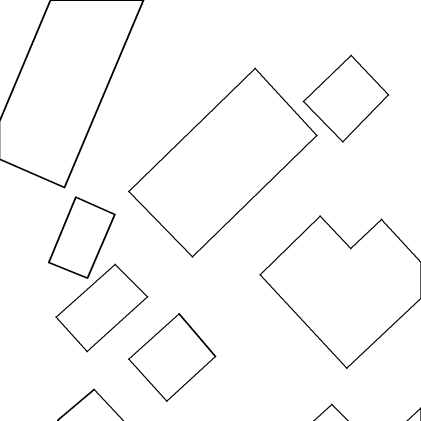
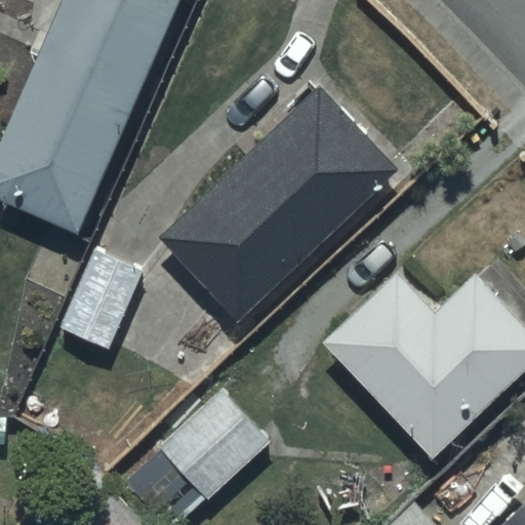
building: [304,55,389,142] -> none
building: [56,264,148,351] -> none

